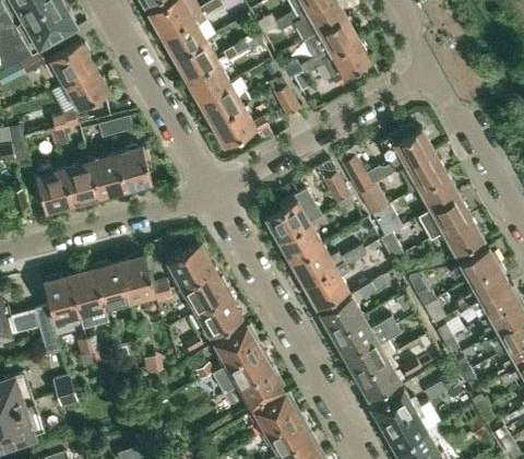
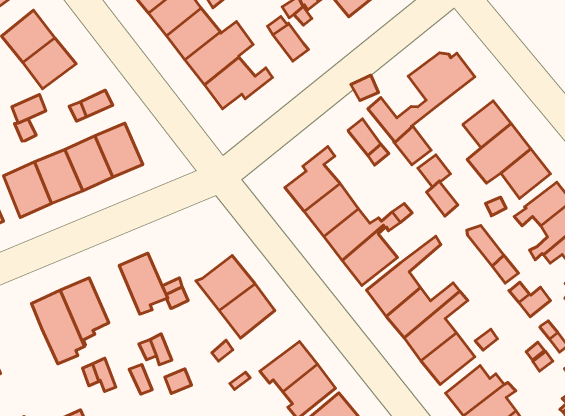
building: [398,151,445,193] -> none
building: [167,243,213,284] -> none
building: [93,262,130,308] -> none
building: [22,305,60,355] -> none
building: [214,326,258,366] -> none

